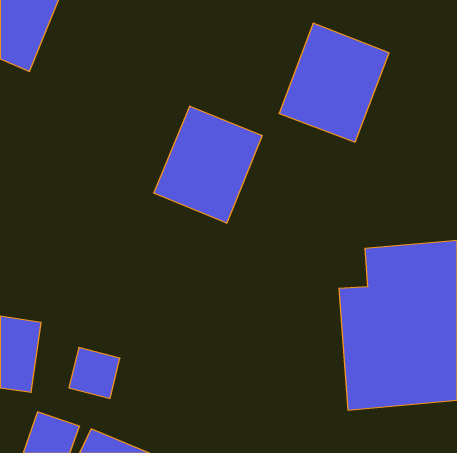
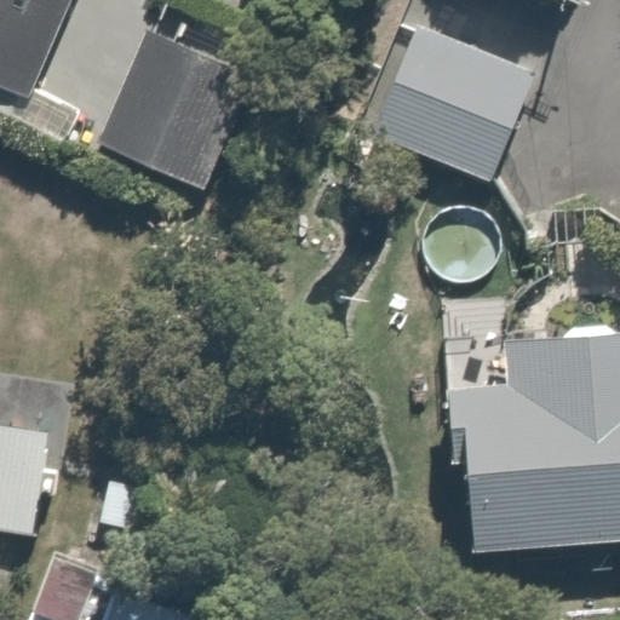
building: none -> [102,17,249,183]
building: [154,106,262,223] -> none

